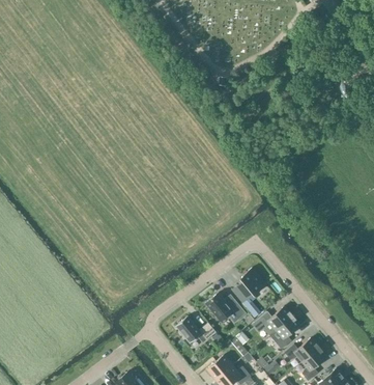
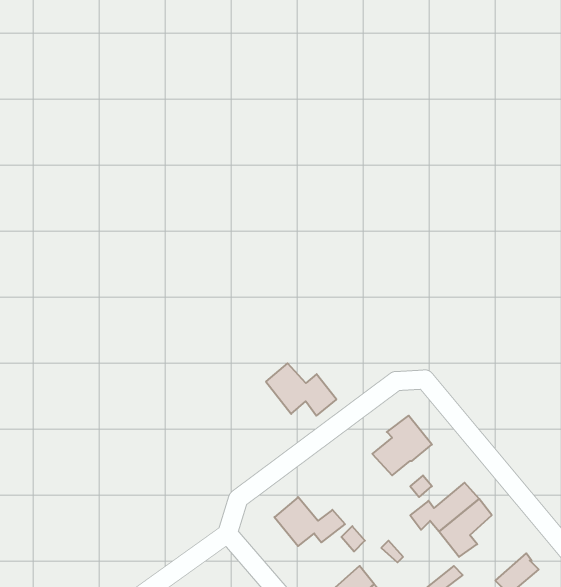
building: [206,293,247,323] -> [266,363,336,416]
building: [285,337,320,361] -> none

